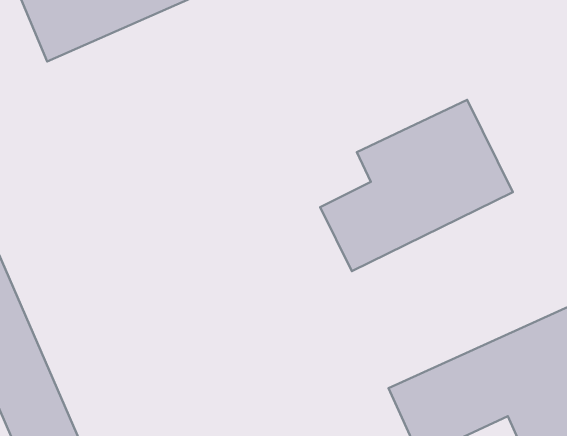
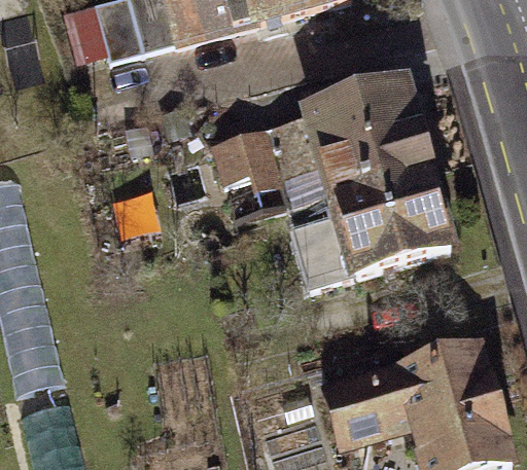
building: none -> [211,92,421,207]

